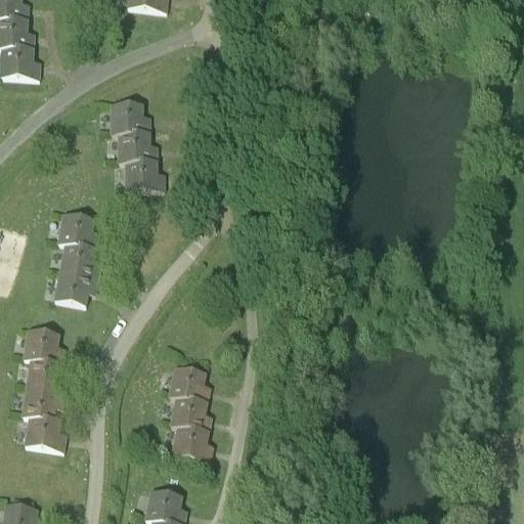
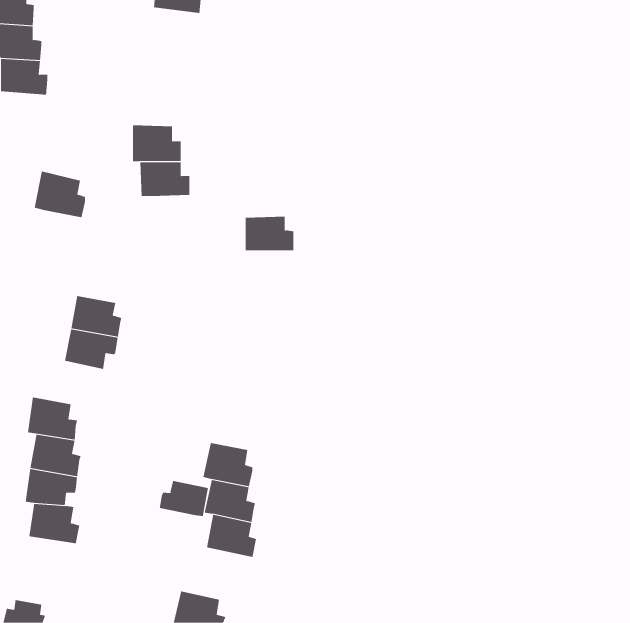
building: [124,162,165,190] -> [245,216,294,251]
building: [56,212,99,251] -> [34,171,86,218]
building: none -> [159,480,208,517]

